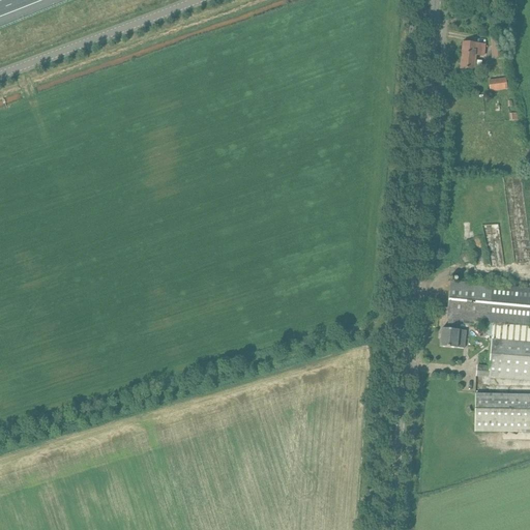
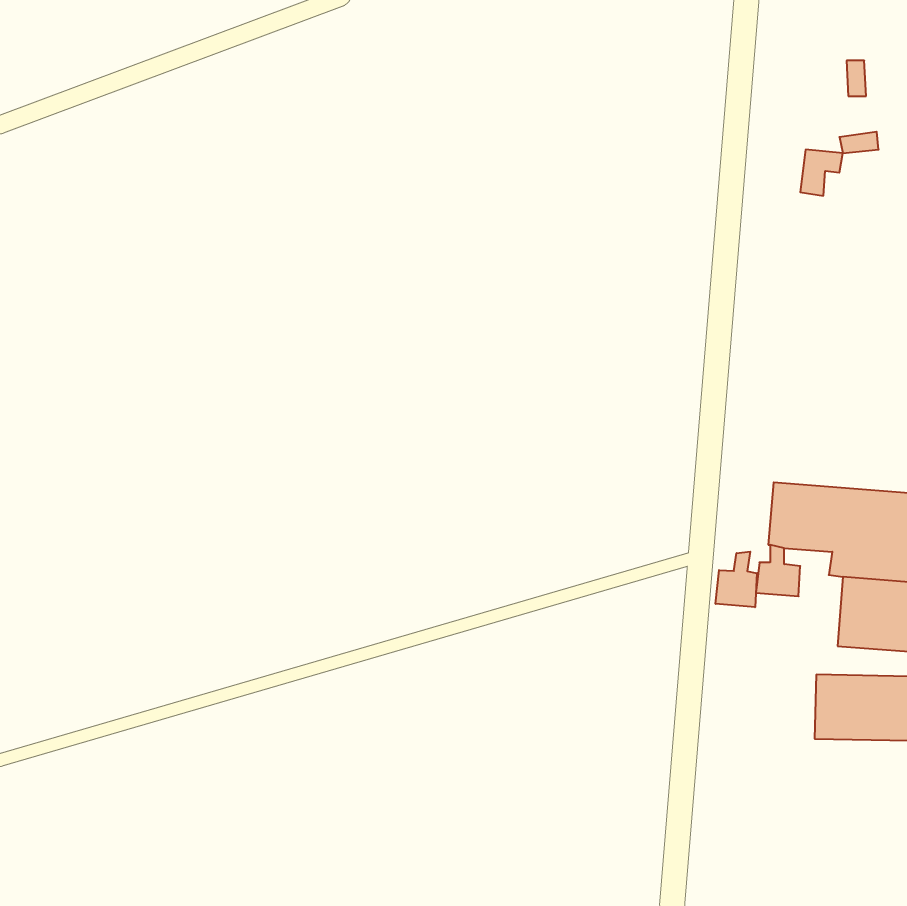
building: [462,41,487,68] -> [800,150,843,196]
building: none -> [716,552,757,607]

